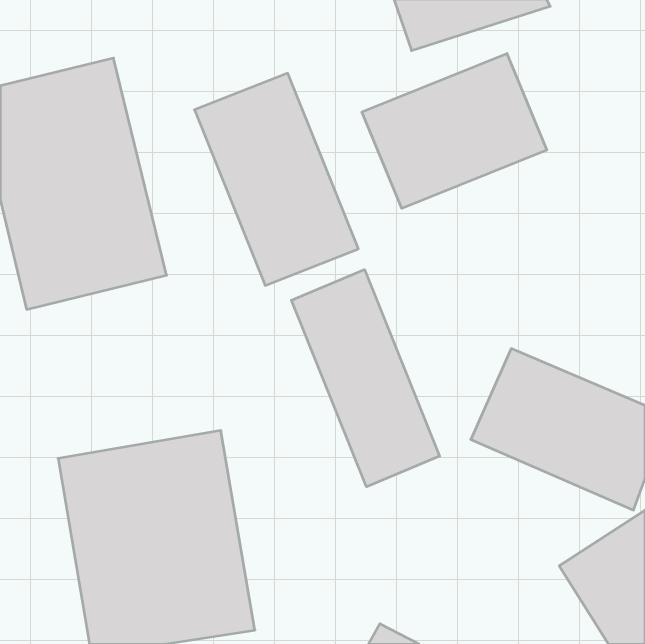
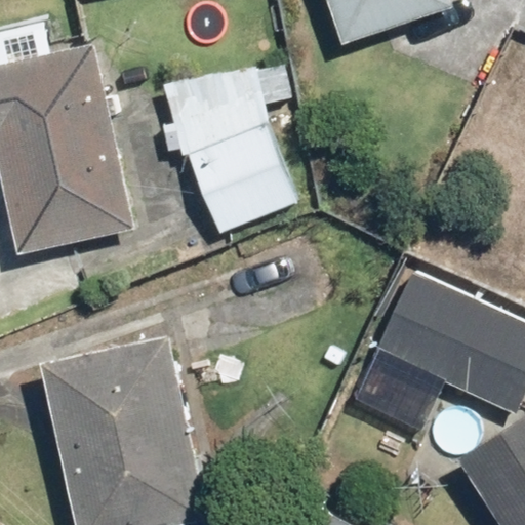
building: [362,53,547,208] -> none
building: [291,270,440,487] -> none

